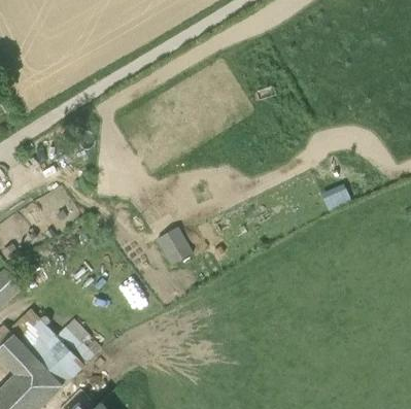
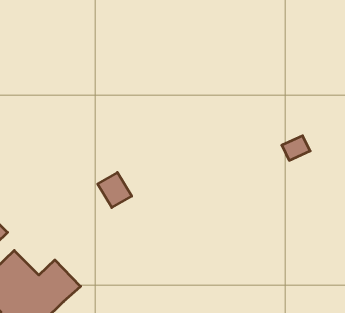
building: [155,226,192,264] -> [98,172,132,208]

